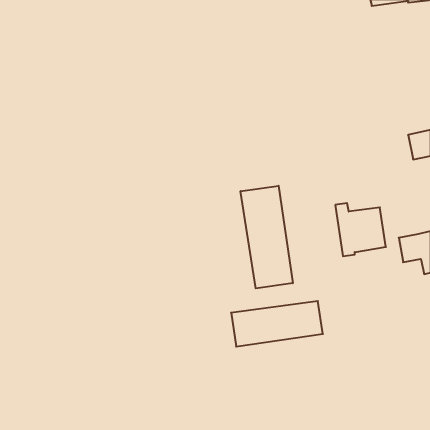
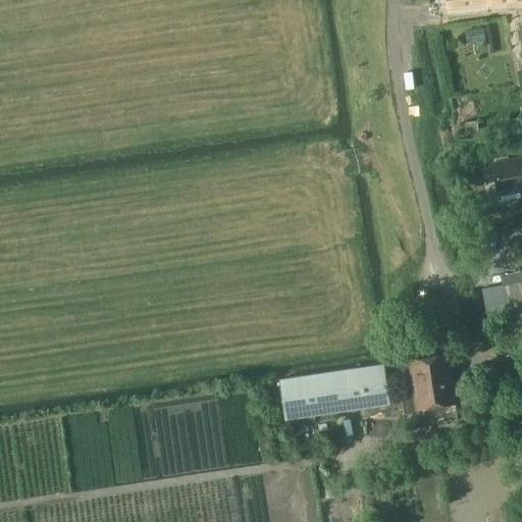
building: [241,186,293,288] -> none
building: [335,203,386,256] -> [396,350,457,414]

